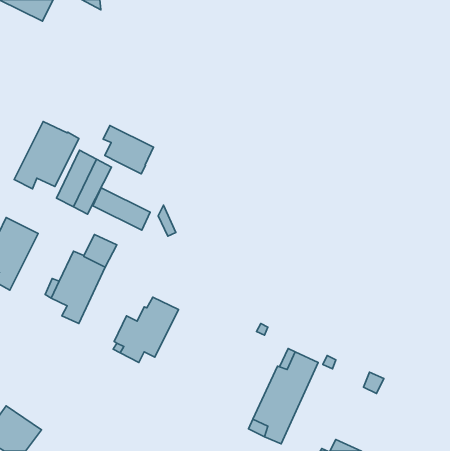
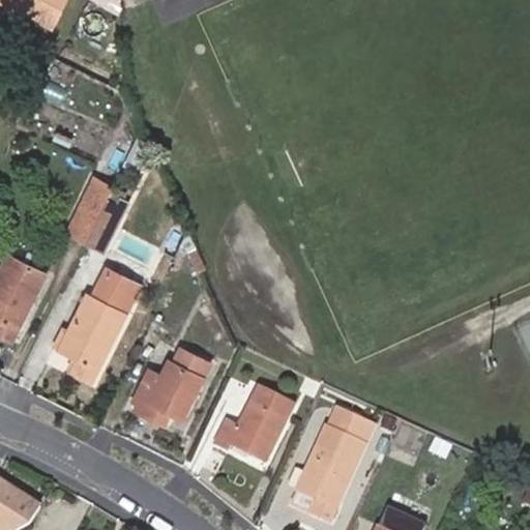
building: [14,122,79,189] -> none
building: [103,125,153,174] -> none
building: [93,188,150,230] -> none
building: none -> [214,387,292,459]

